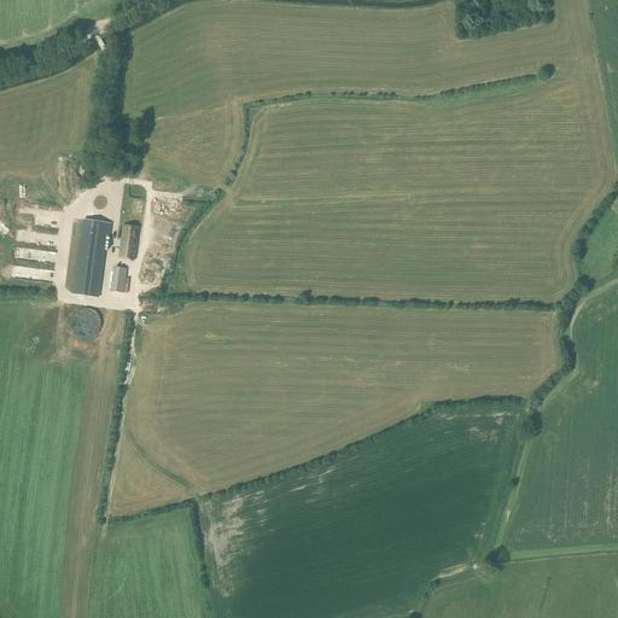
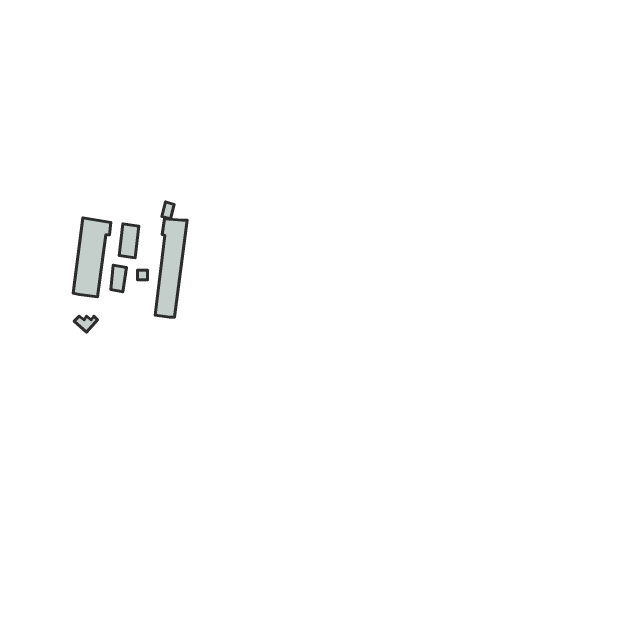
building: none -> [155,219,187,317]

